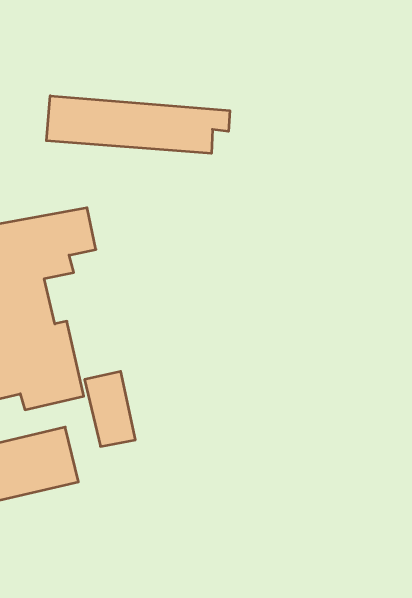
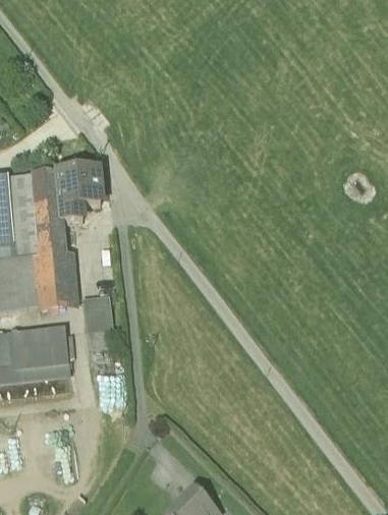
building: [46,96,230,153] -> none

